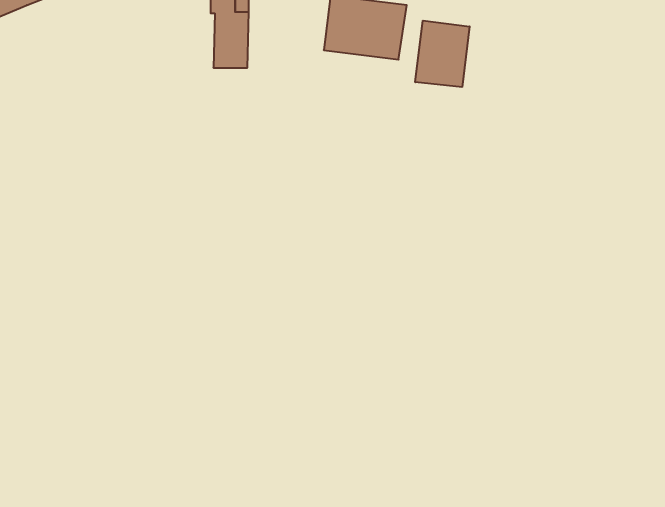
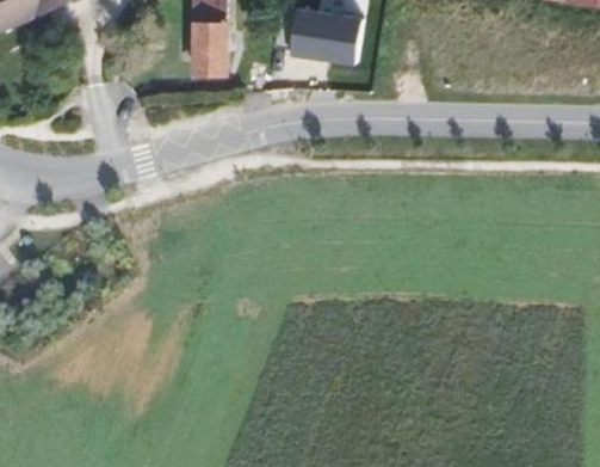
building: [415,21,470,87] -> none

